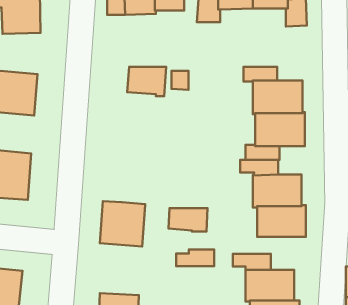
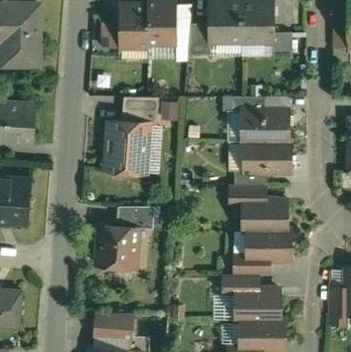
building: none -> [105,121,149,172]
building: [168,208,208,232] -> [117,207,154,229]
building: [176,249,214,266] -> [233,259,270,276]

